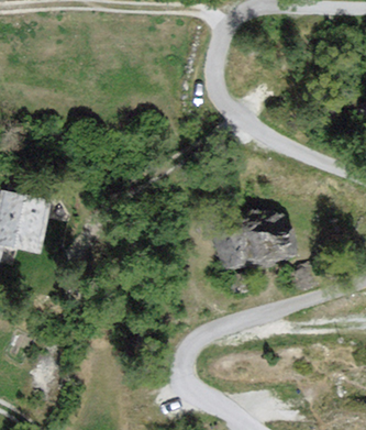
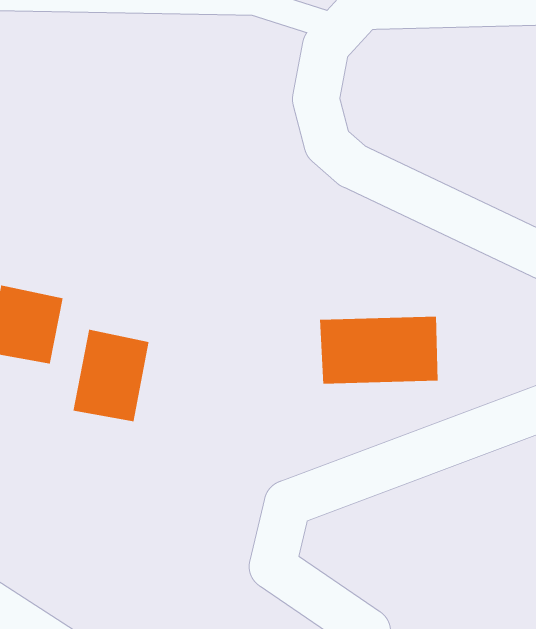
building: none -> [73,329,149,422]

